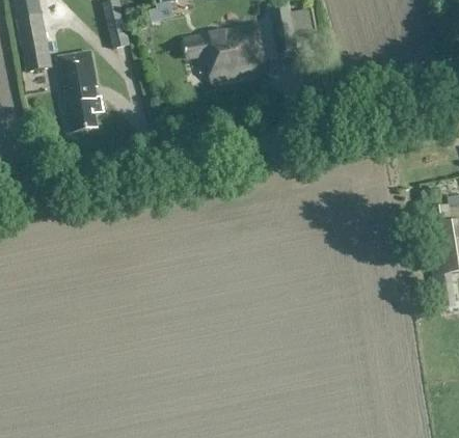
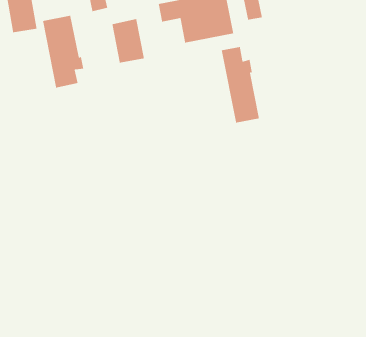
building: none -> [111,18,145,64]
building: none -> [221,46,260,124]

